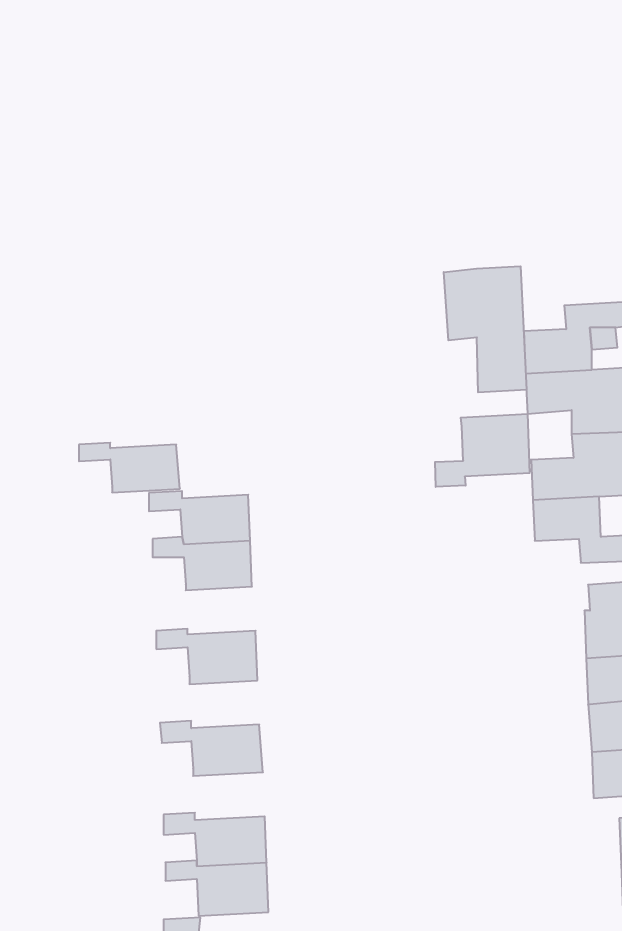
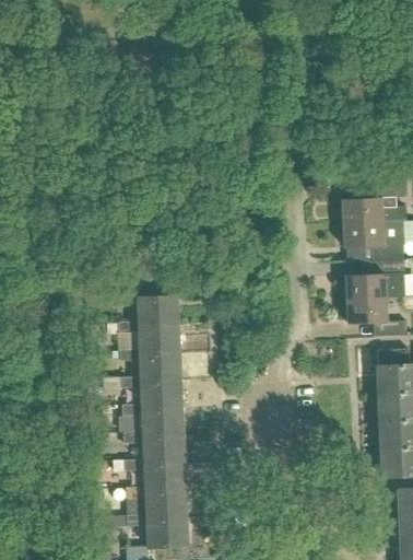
building: [444,266,526,392] -> none
building: [435,414,530,487] -> none
building: [79,443,180,492] -> [121,351,181,381]
building: none -> [123,406,184,436]
building: none -> [126,460,187,491]

